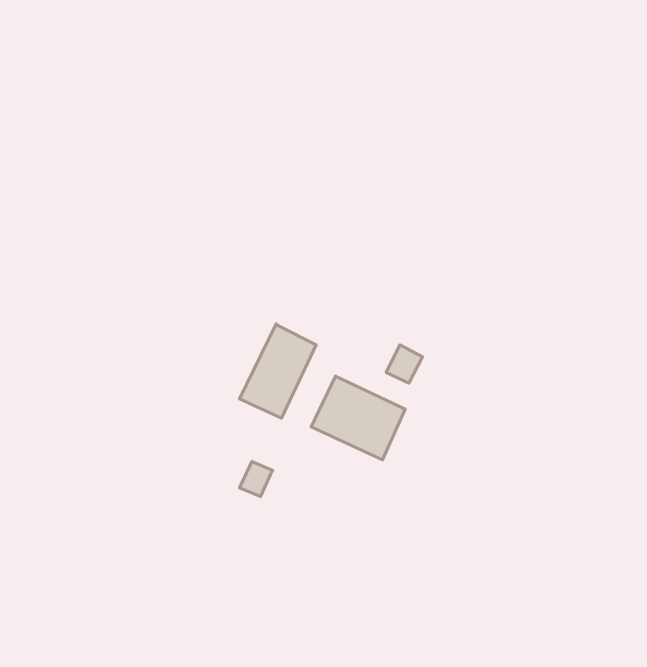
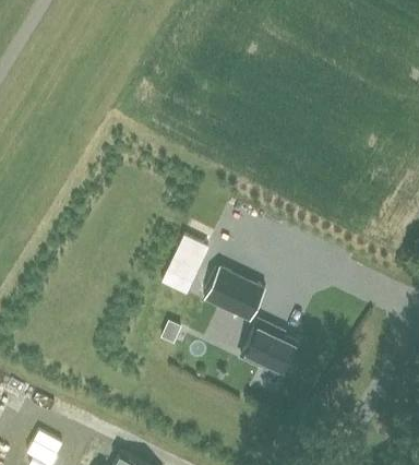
building: none -> [241,324,298,377]

